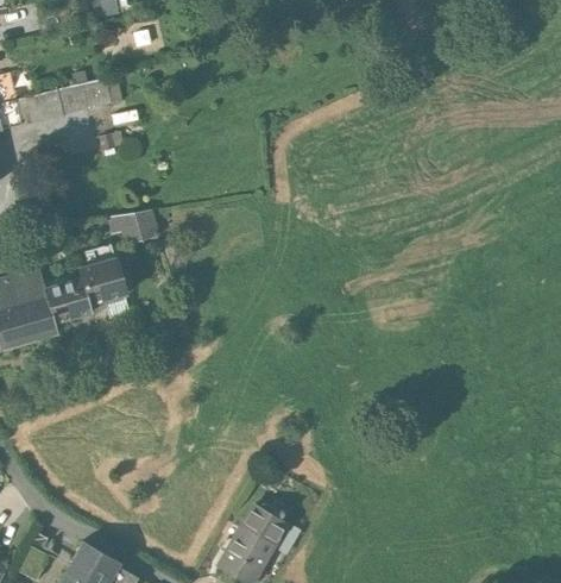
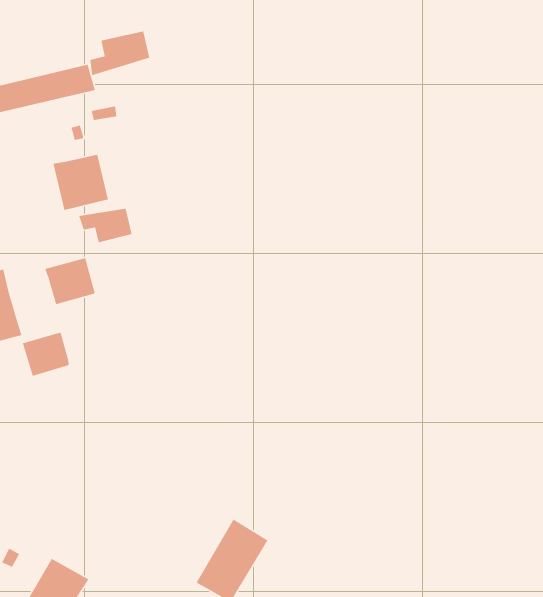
building: none -> [90,31,150,76]
building: none -> [52,154,109,211]
building: [42,280,87,322] -> [22,331,70,377]

